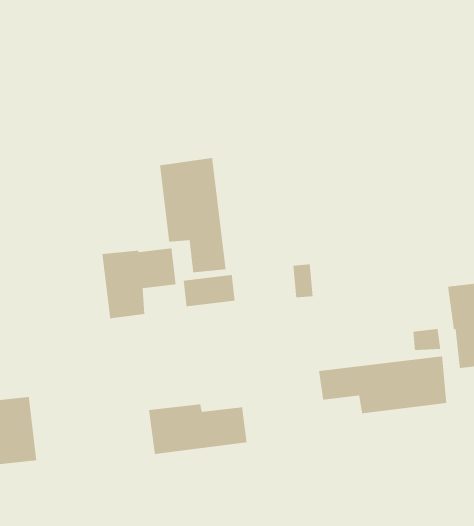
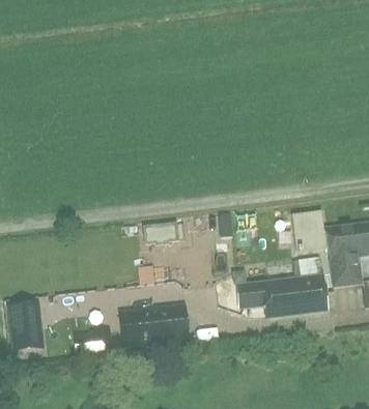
building: [159,157,226,273] -> none
building: [102,247,177,319] -> none

